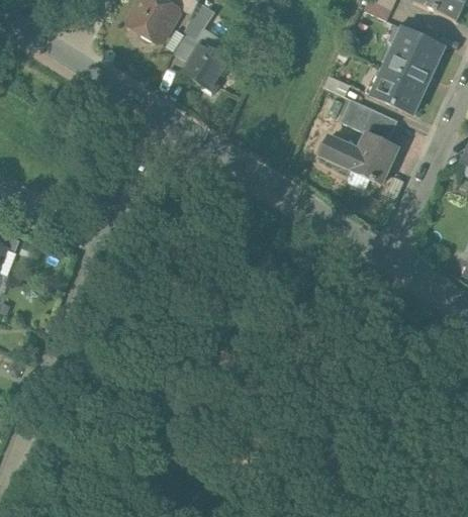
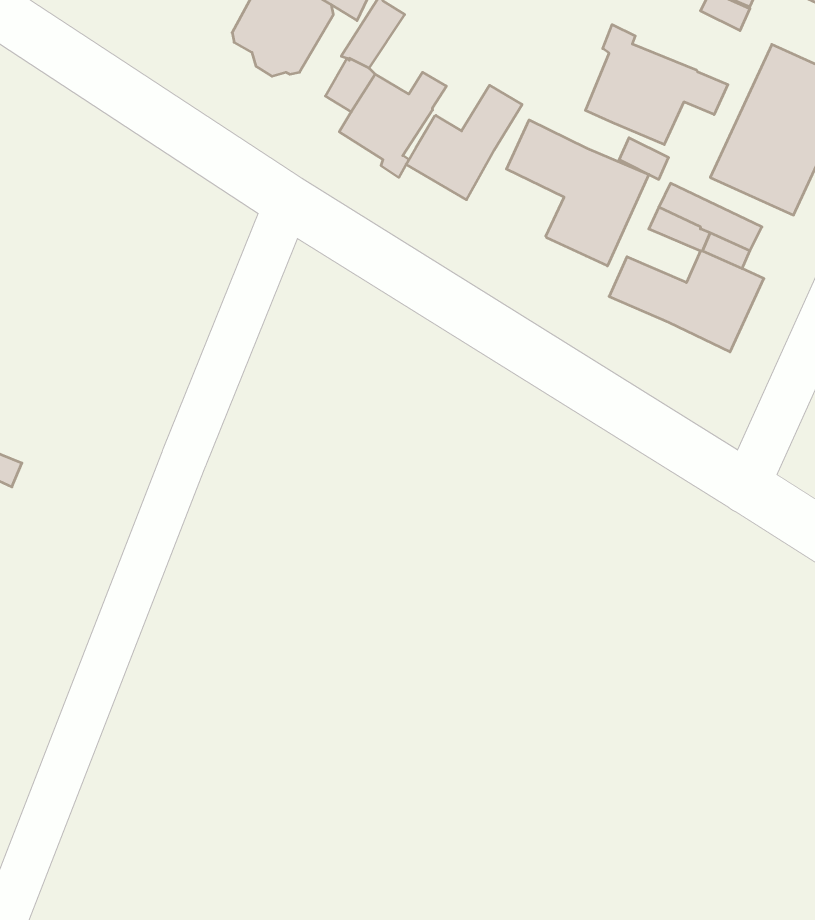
building: none -> [585,25,728,145]
building: none -> [406,85,522,200]
building: none -> [506,120,649,266]

